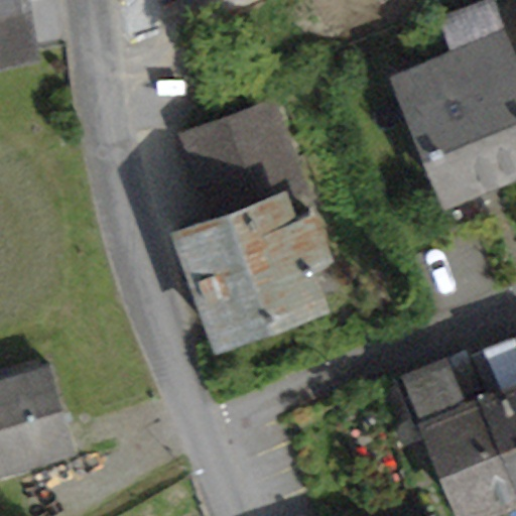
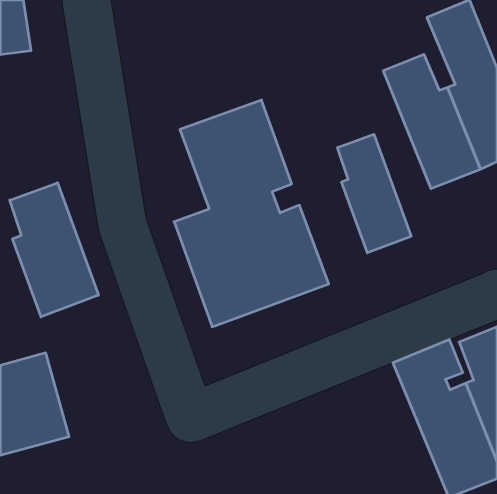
building: none -> [338,134,411,253]
building: none -> [10,183,98,317]

